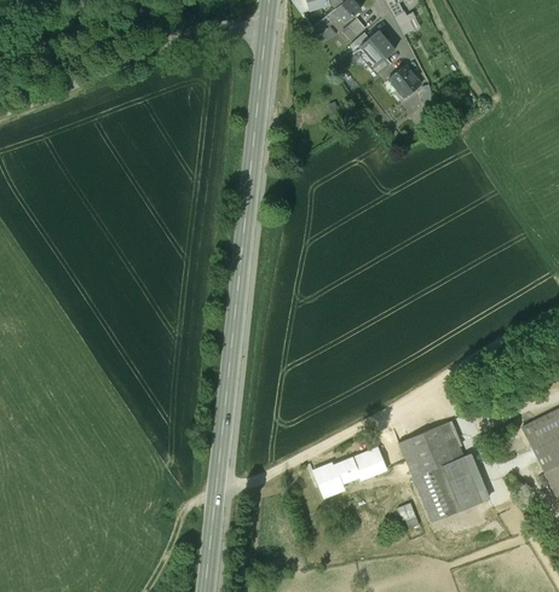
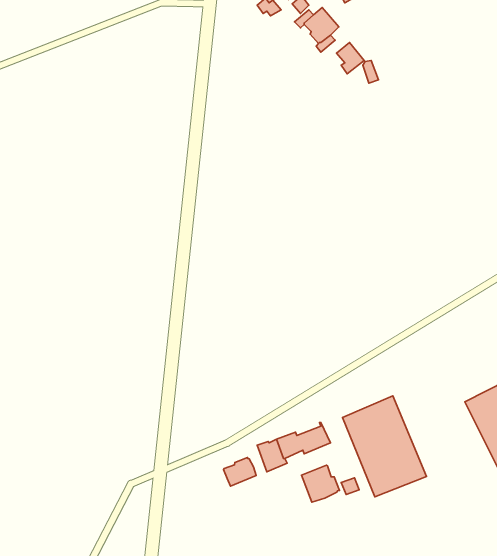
building: none -> [224,457,256,486]
building: none -> [301,465,339,502]

